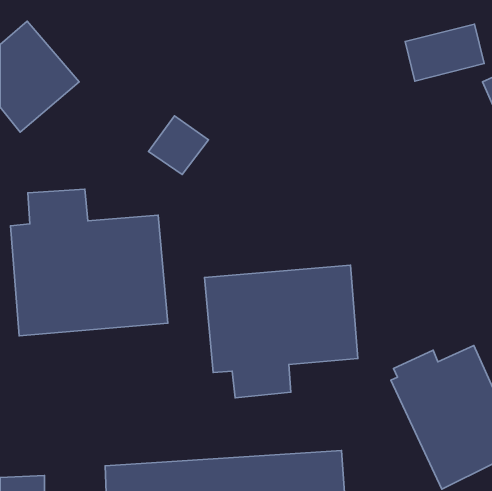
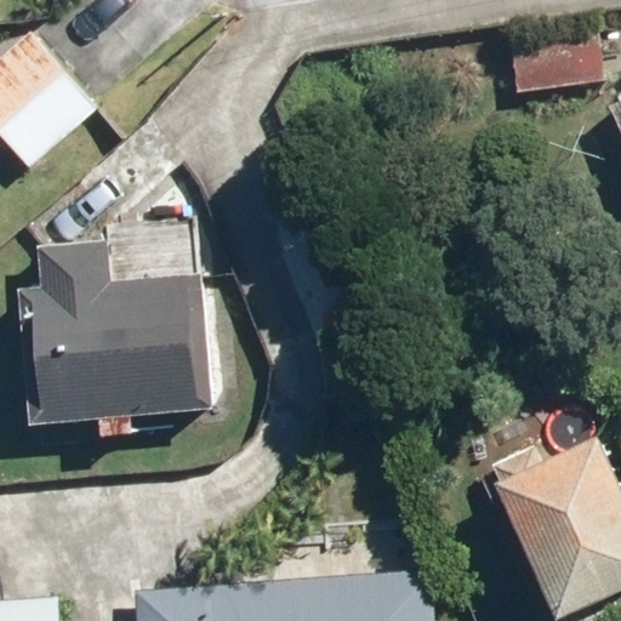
building: [205,265,358,398] -> none

